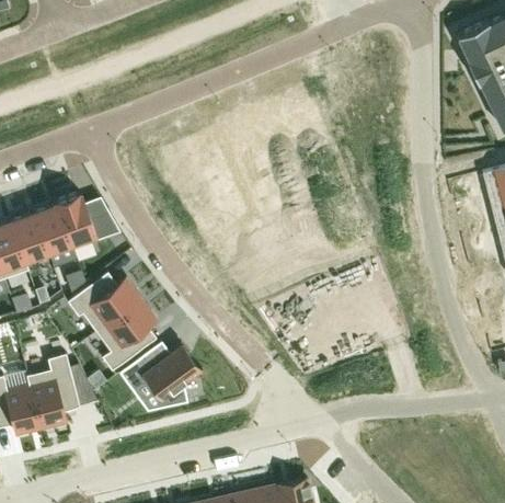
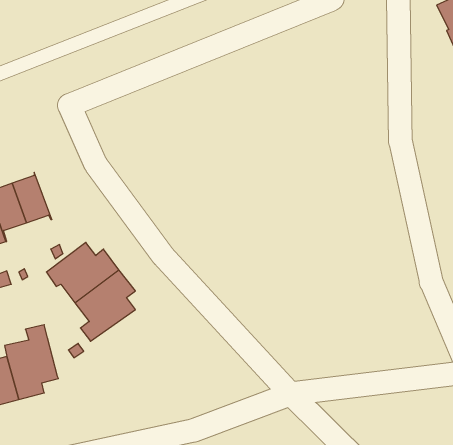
building: [56,193,119,248] -> none
building: [119,344,203,405] -> none
building: [69,363,97,404] -> none

